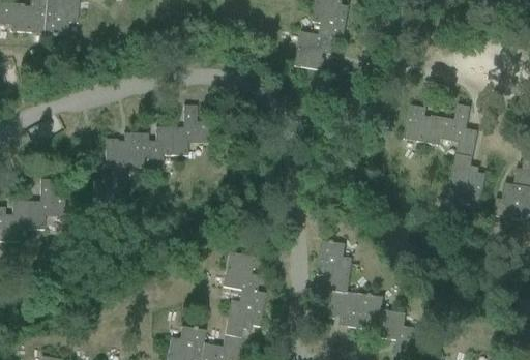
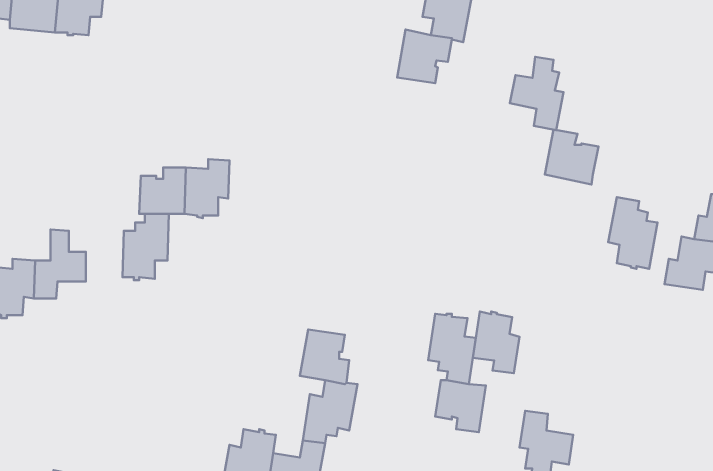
building: [439,103,478,157] -> [510,57,563,130]
building: [171,104,209,155] -> none
building: [355,293,389,338] -> [473,311,519,373]

